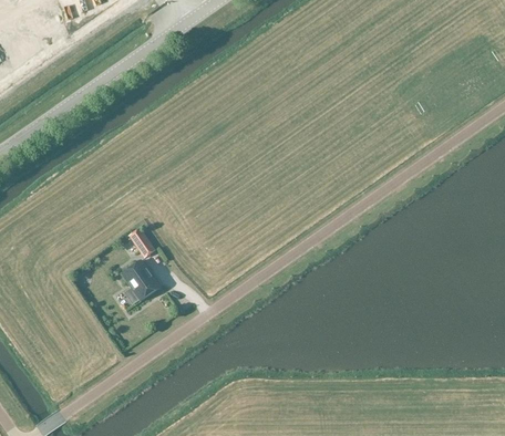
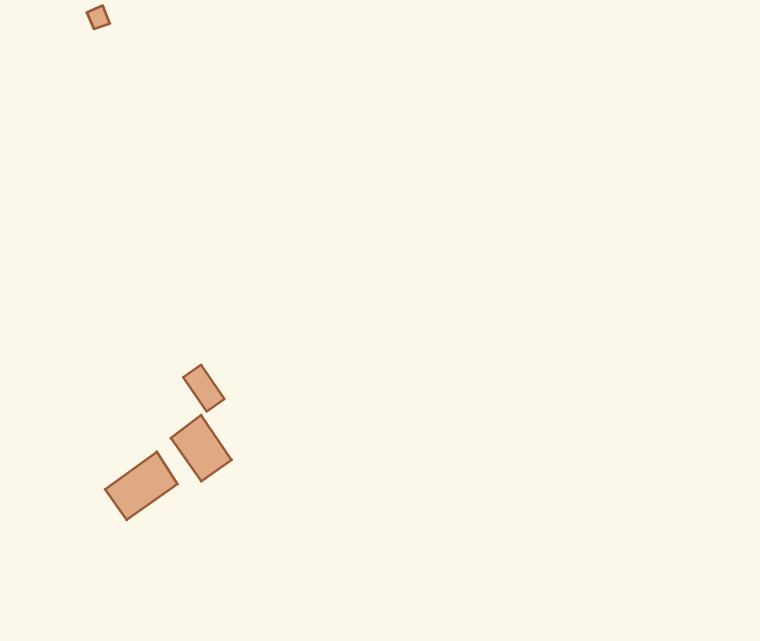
building: none -> [105,452,178,520]

